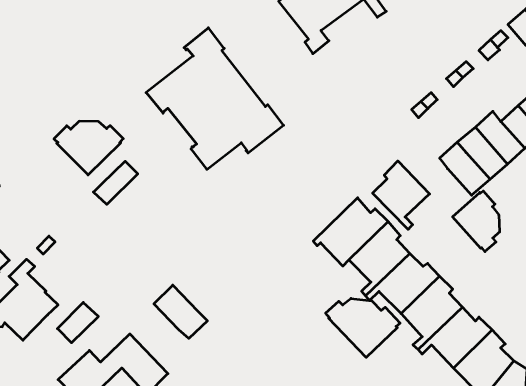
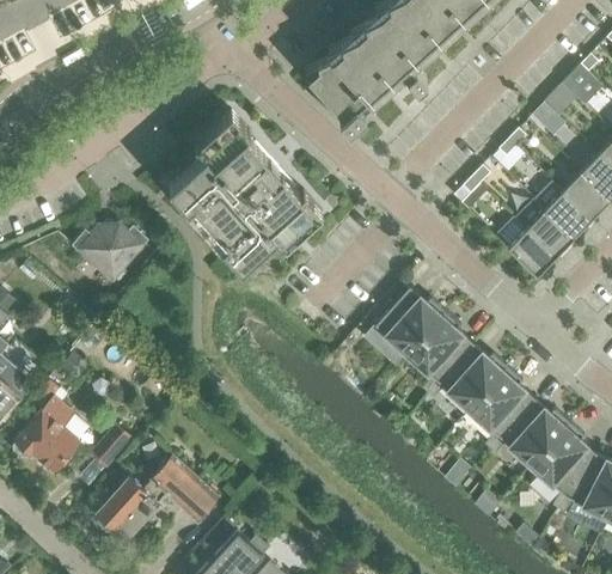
building: [373,161,430,229] -> none
building: [93,161,138,204] -> none
building: [453,191,500,252] -> none
building: [154,285,207,338] -> none
building: [326,298,400,357] -> none

